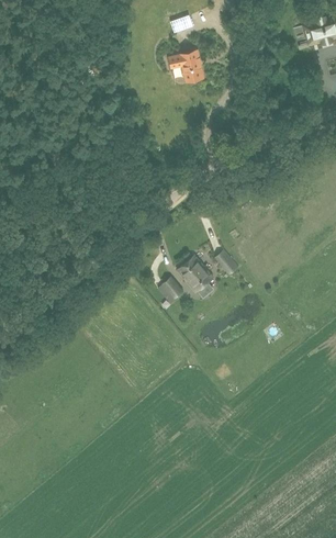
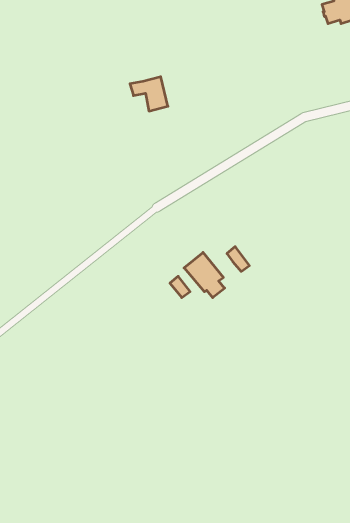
building: [167,49,202,81] -> [130,77,168,111]

